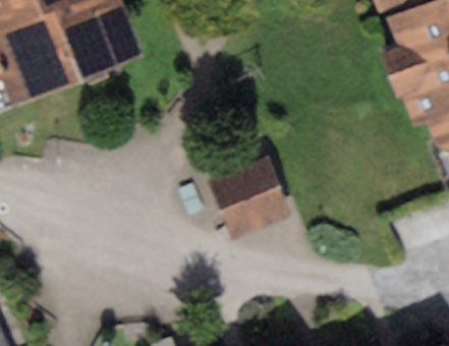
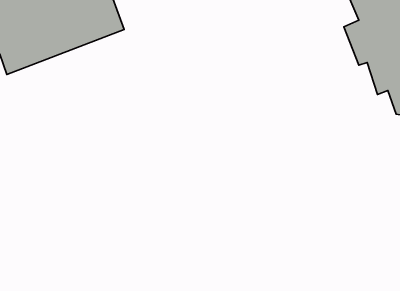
building: [209,156,291,239] -> none

